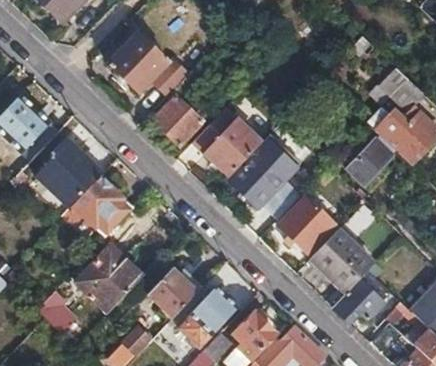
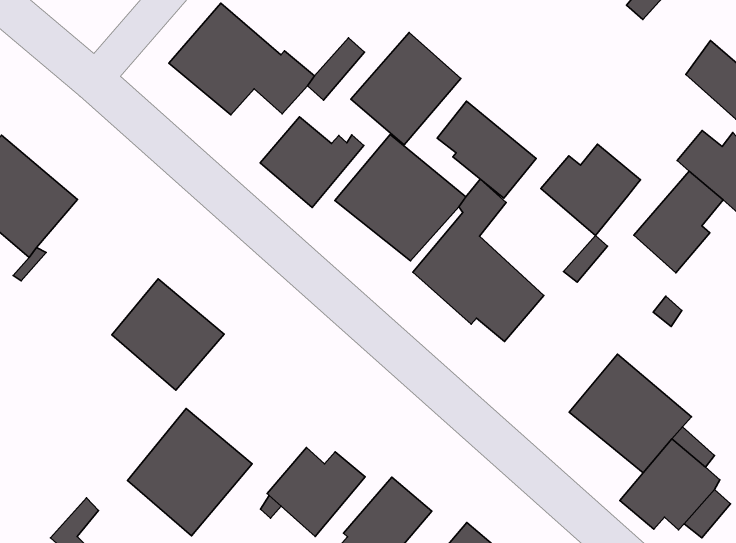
building: none -> [351,32,461,145]
building: none -> [437,101,536,198]
building: none -> [541,144,640,235]
building: [34,137,102,210] -> none
building: [280,199,332,252] -> none

